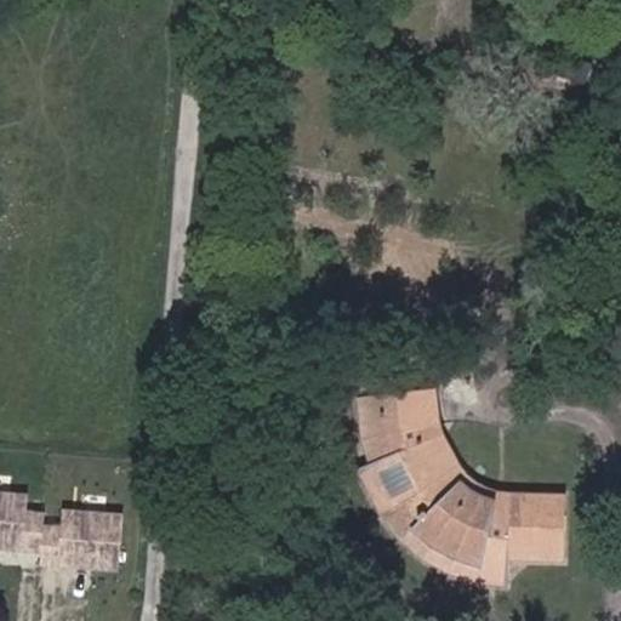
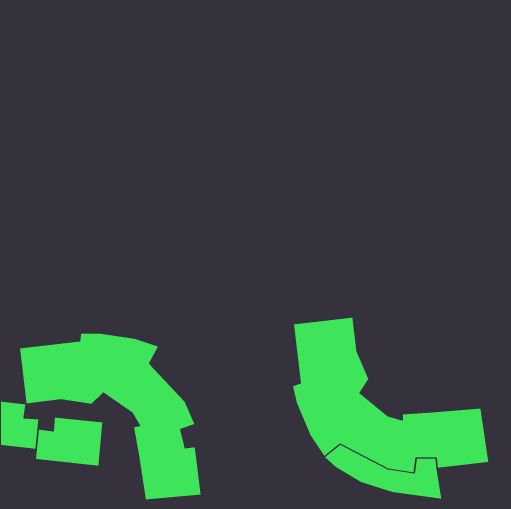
building: none -> [19,333,201,500]
building: [437,460,524,509] -> none

